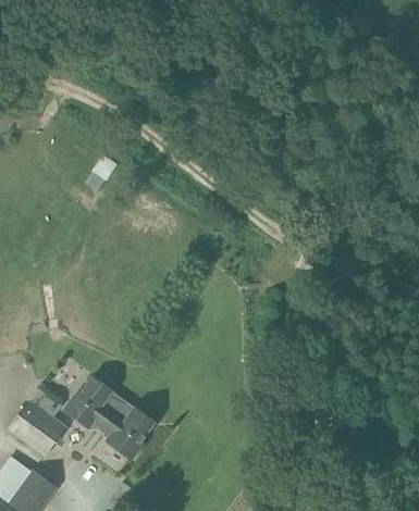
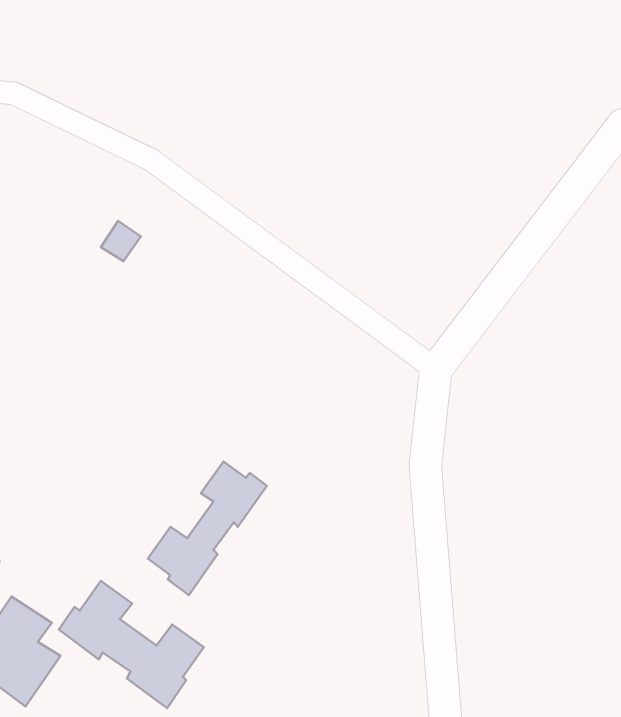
building: none -> [148,461,267,595]

